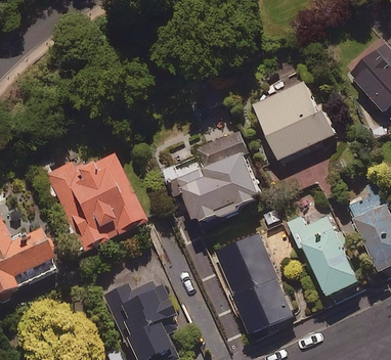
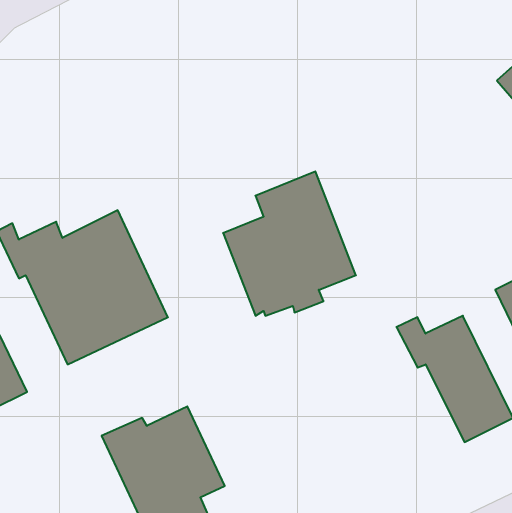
building: [255,81,337,159] -> none
building: [217,236,292,331] -> none

